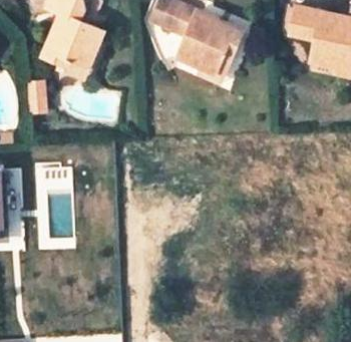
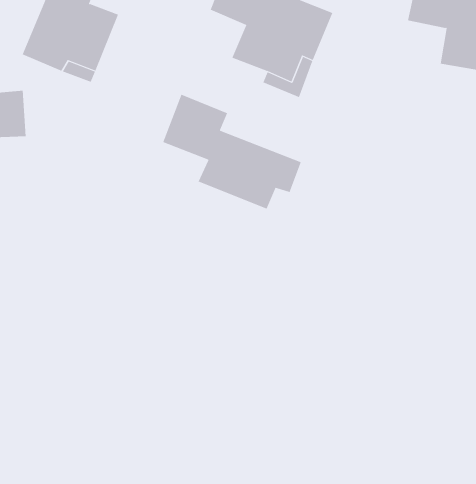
building: none -> [163,94,302,209]

